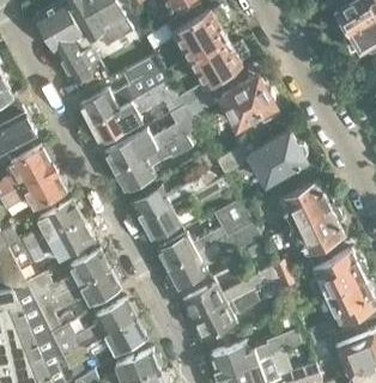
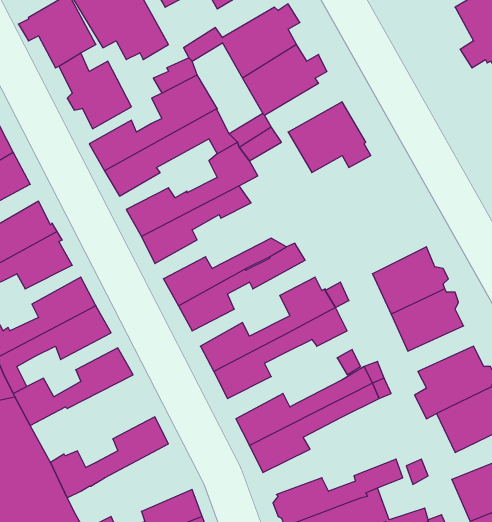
building: [216,132,307,184] -> none
building: [36,272,119,334] -> none
building: [62,321,145,371] -> none

